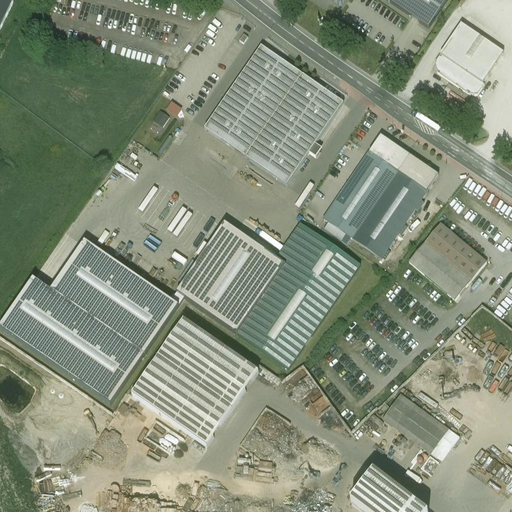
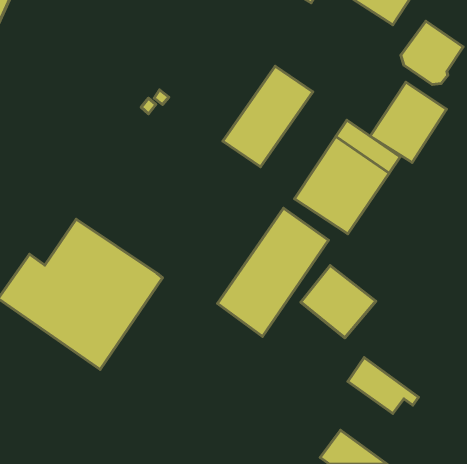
building: [202,43,300,154] -> none
building: none -> [370,82,446,163]
building: [410,219,492,298] -> [301,266,376,338]
building: [171,220,309,331] -> none
building: [129,318,257,445] -> none

